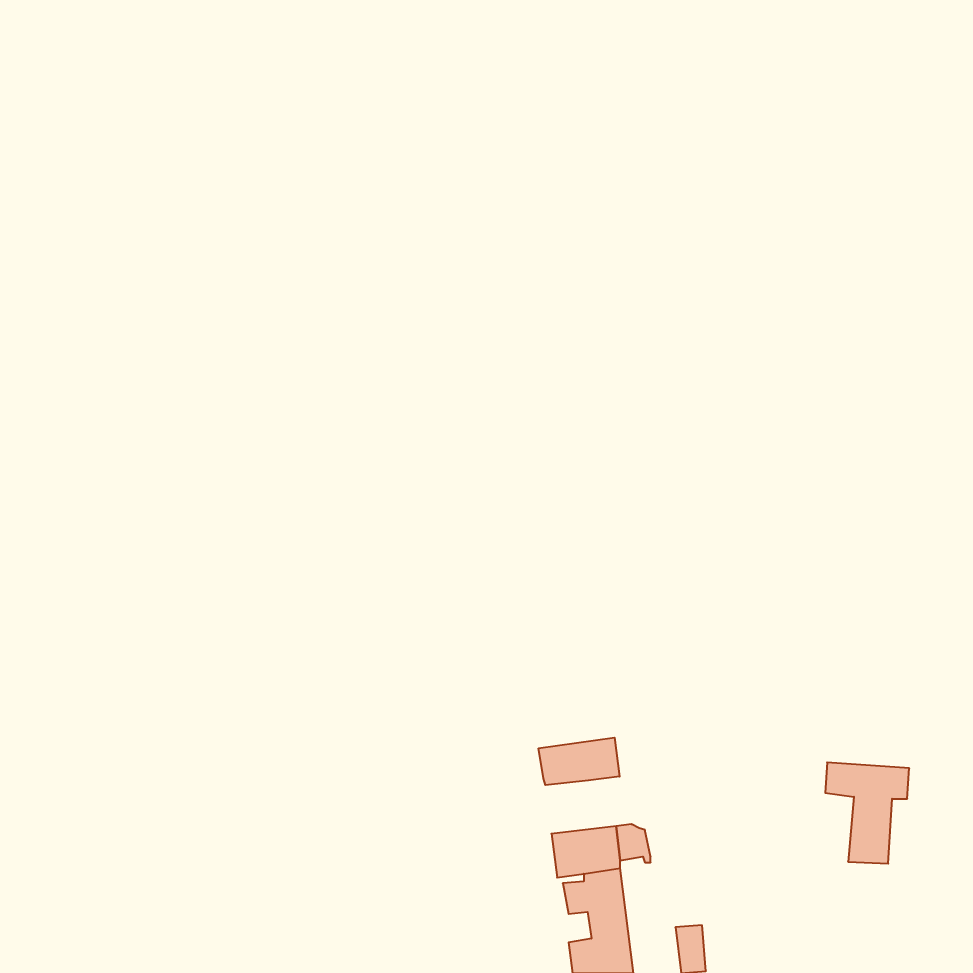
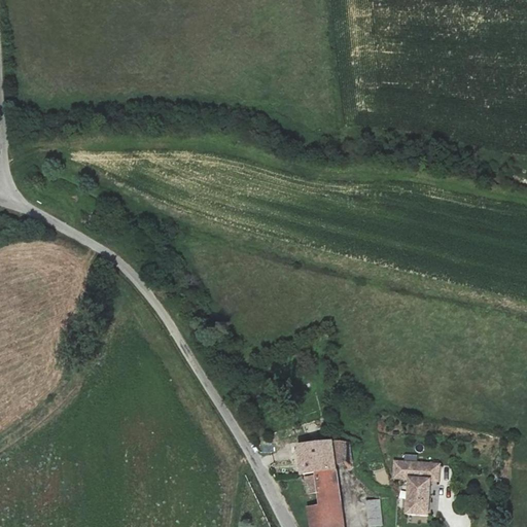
building: [539,738,620,785] -> none
building: [825,762,909,864] -> [393,459,438,514]

